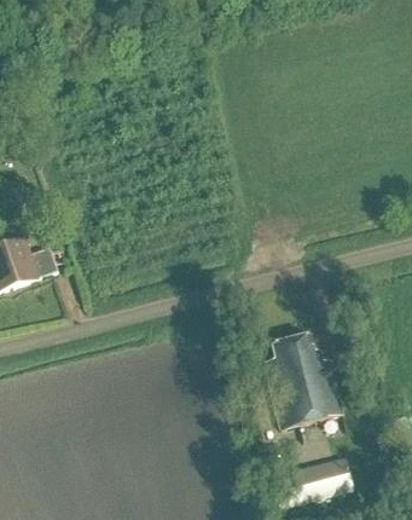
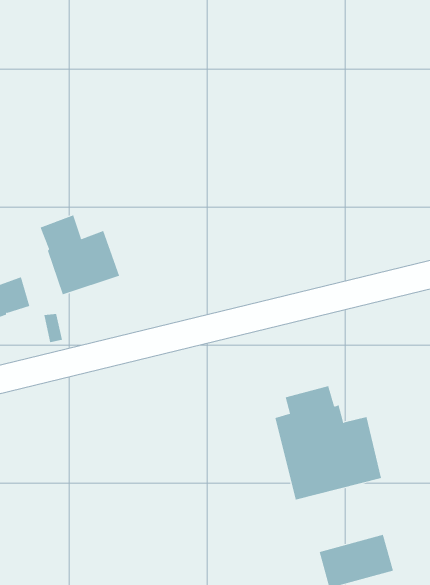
building: none -> [40,214,120,295]

